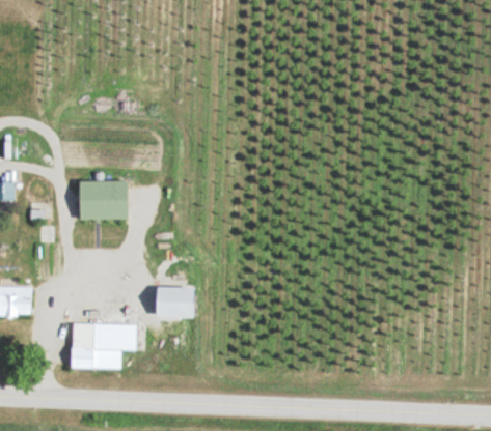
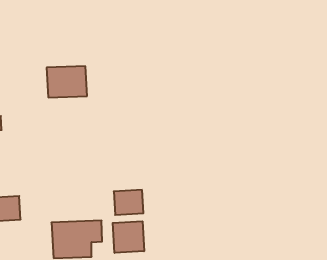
building: [79,180,129,220] -> [47,66,87,97]
building: none -> [113,221,144,253]

